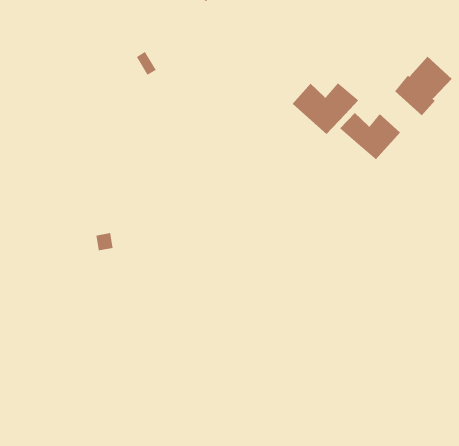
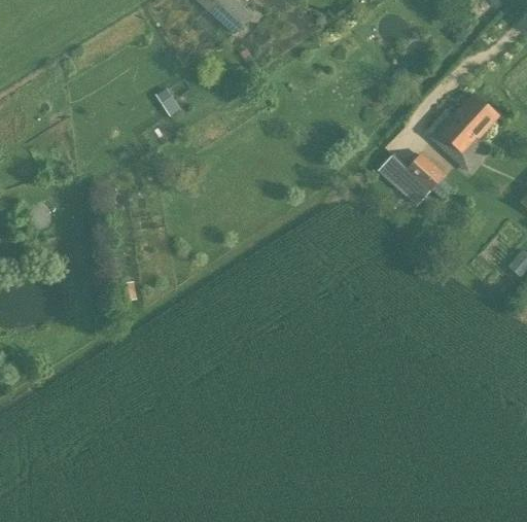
building: [292,82,359,135] -> none

